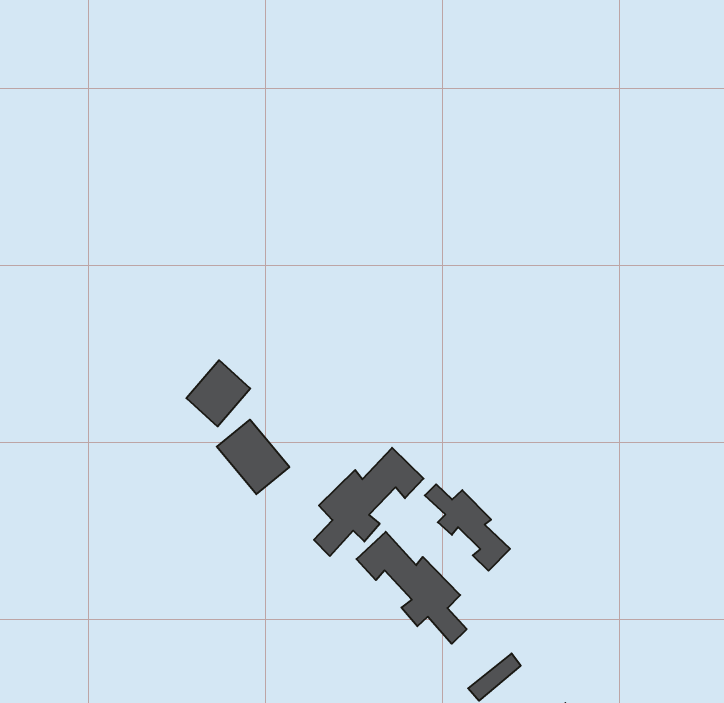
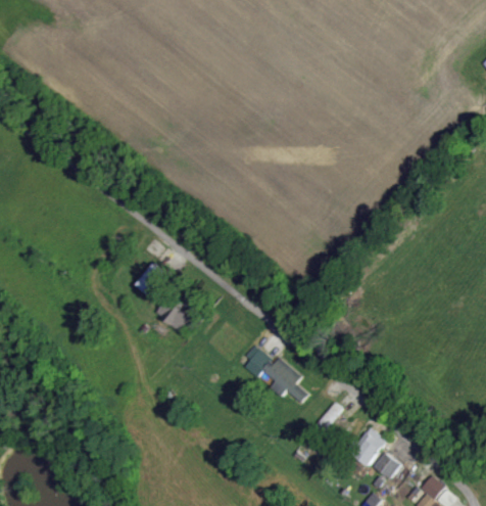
building: [314,448,424,556] -> none
building: [425,484,510,571] -> none

